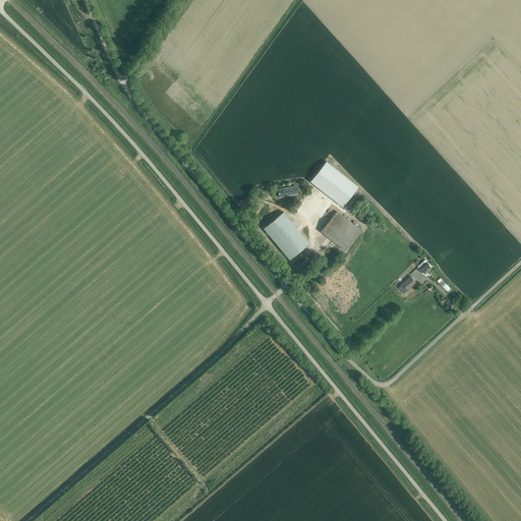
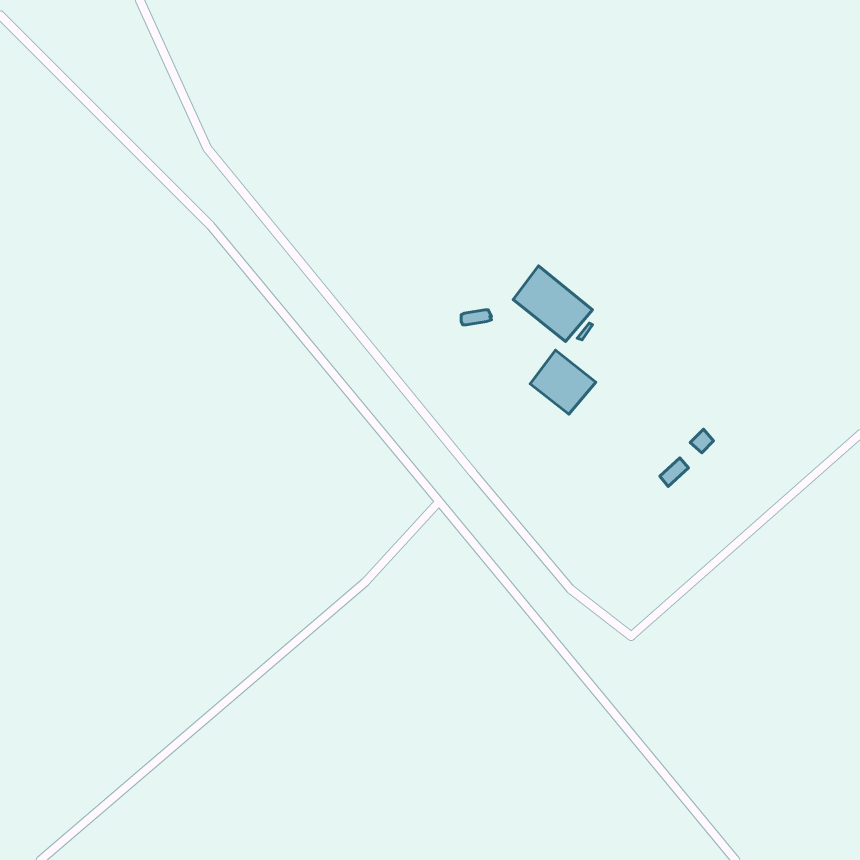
building: [264,212,309,259] -> none

